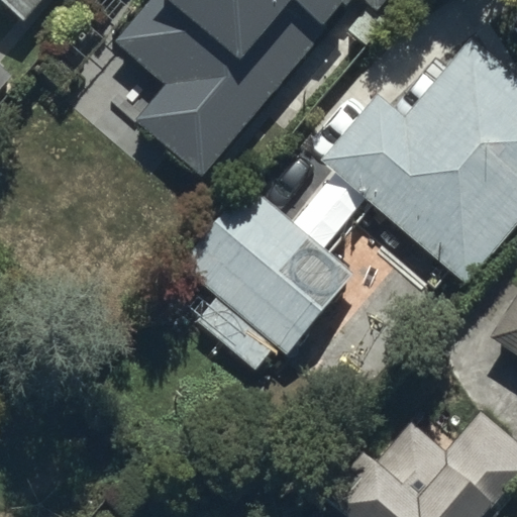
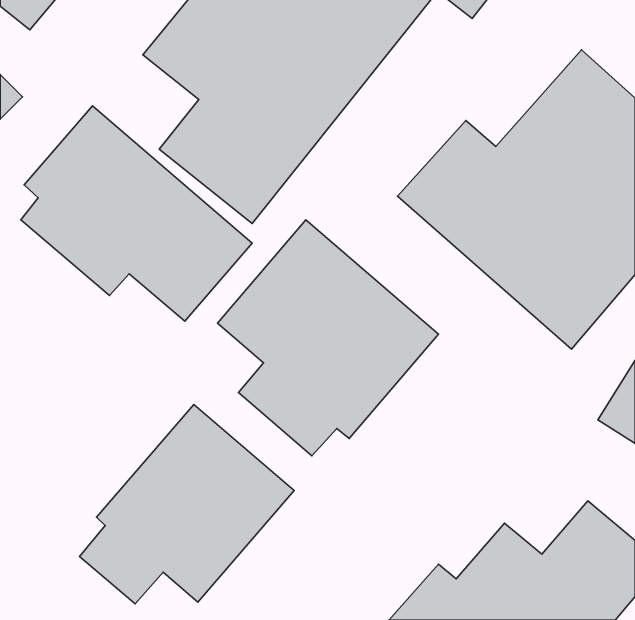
building: none -> [21,106,252,321]
building: none -> [80,404,294,604]

